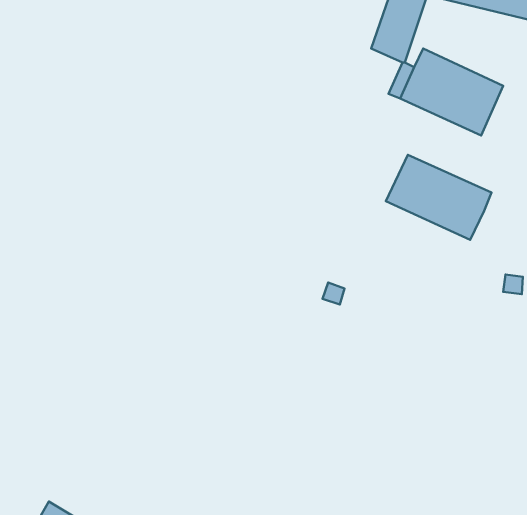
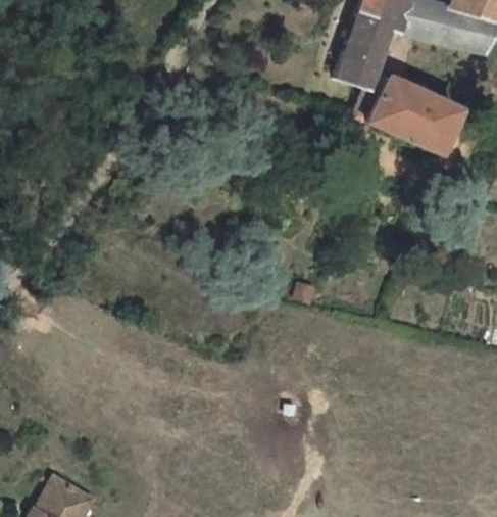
building: [386,155,491,240] -> none

